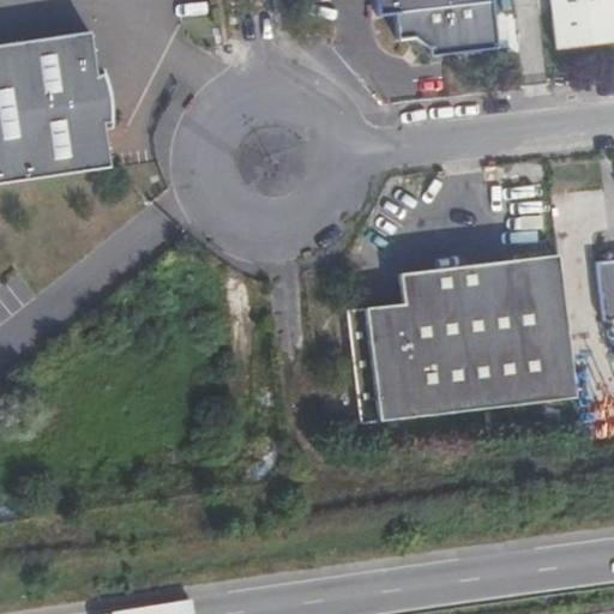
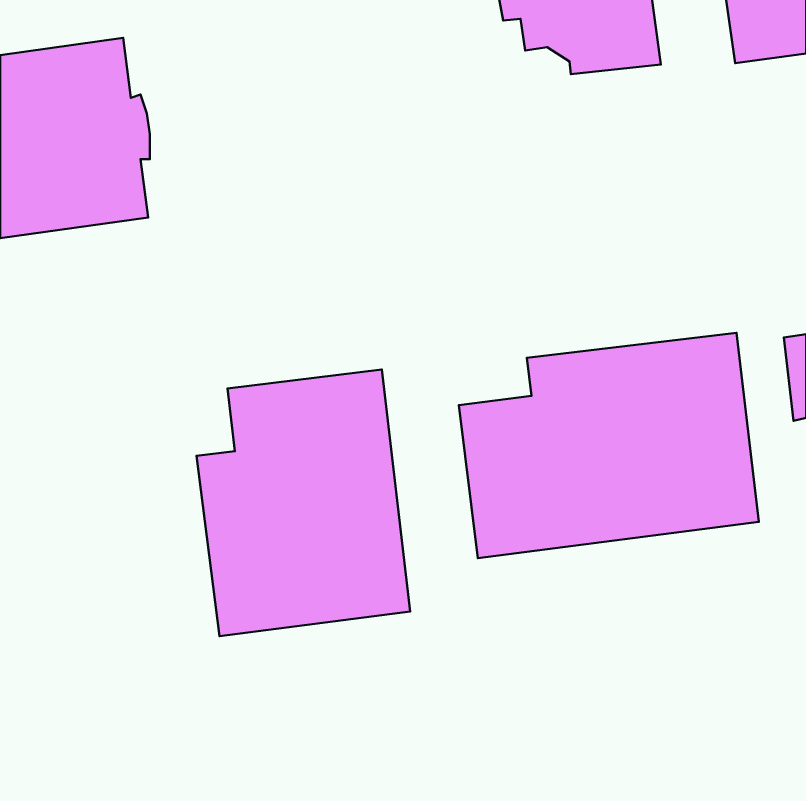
building: none -> [197,369,410,636]

